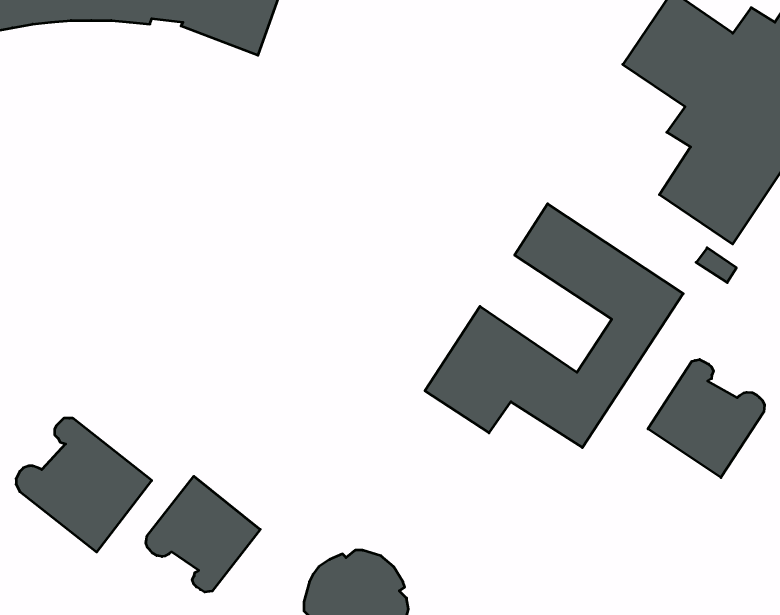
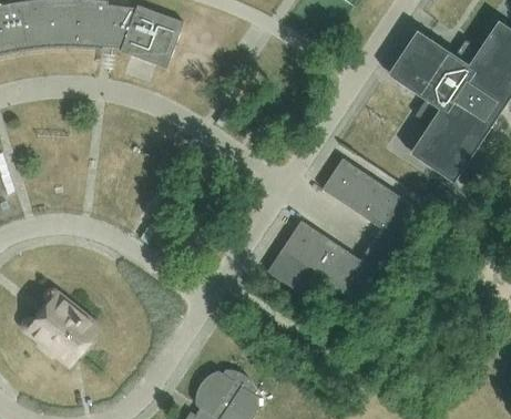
building: [648,359,764,478] -> none
building: [146,476,260,592] -> none

